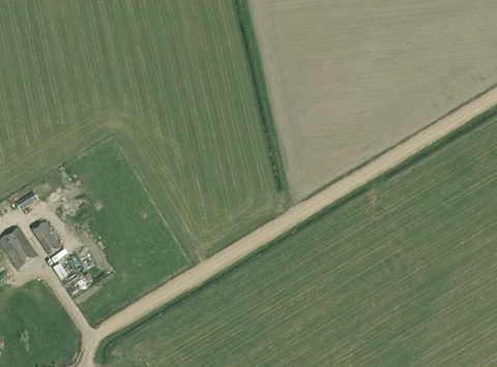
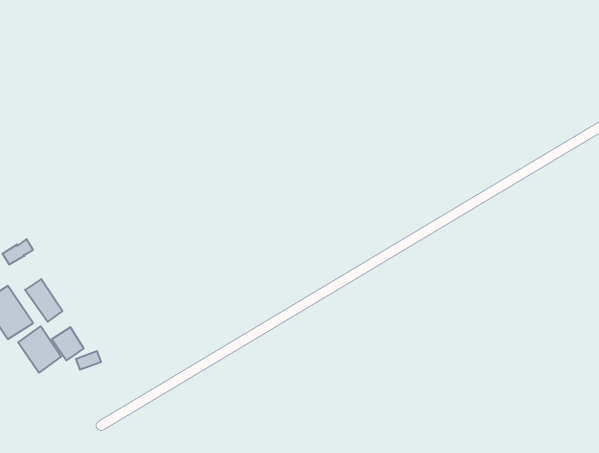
building: none -> [18,326,61,373]

